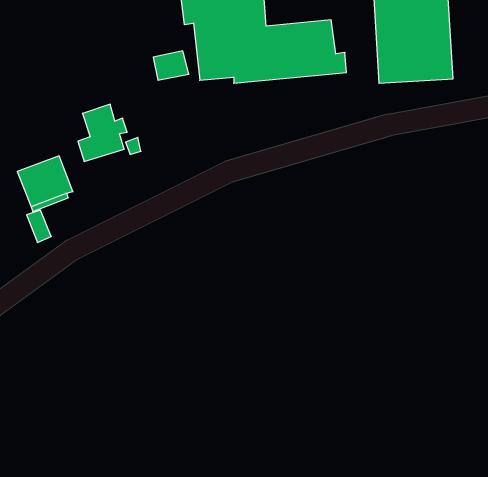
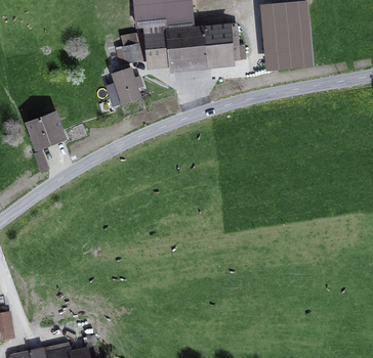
building: [78,104,127,161] -> [109,68,141,105]

